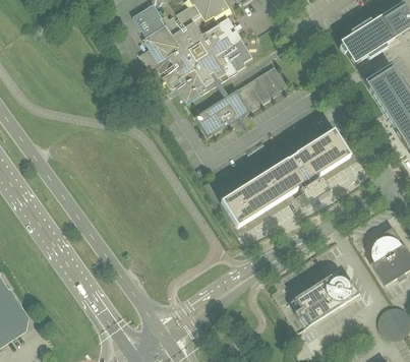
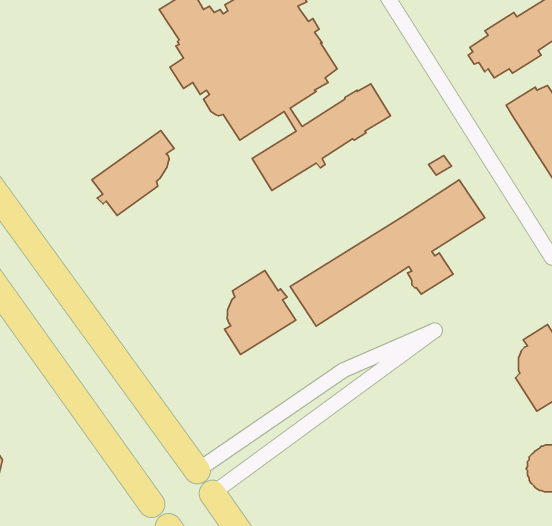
building: none -> [92,130,174,216]
building: none -> [224,270,296,354]
building: [287,275,359,326] -> none

